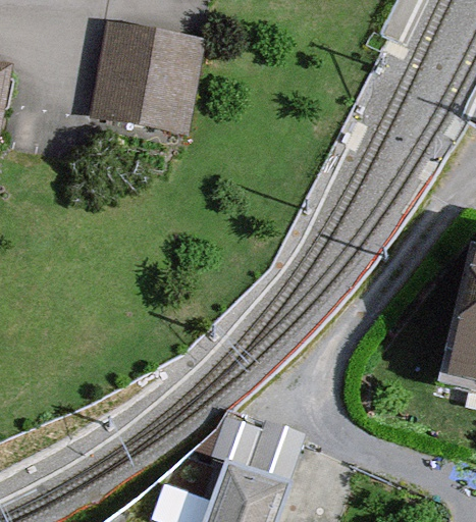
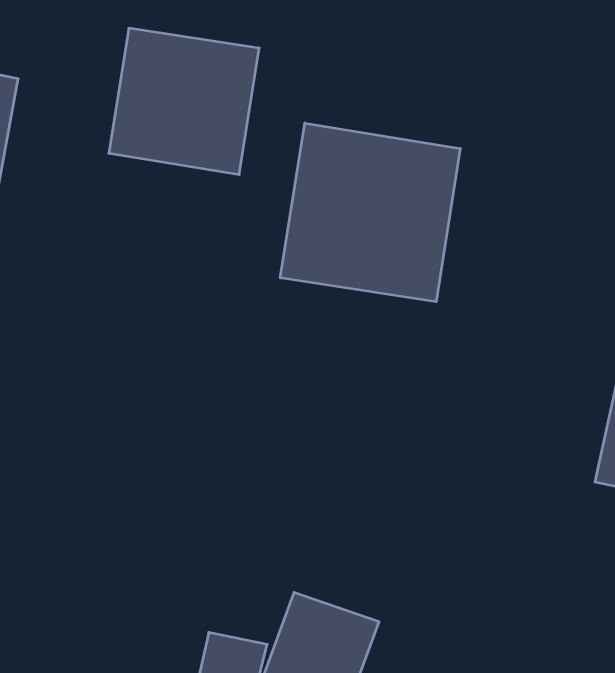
building: none -> [280,123,460,302]

